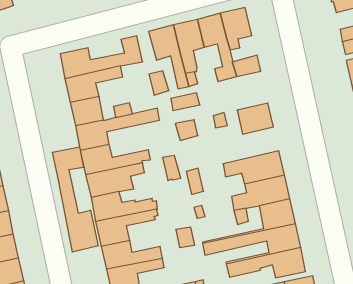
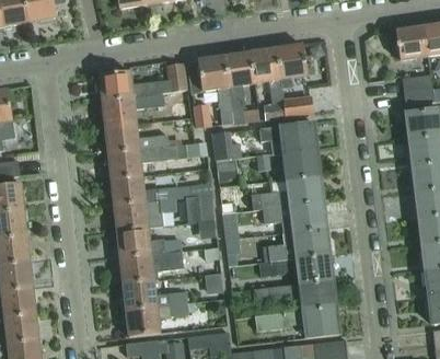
building: none -> [259,121,317,154]
building: none -> [250,175,324,210]
building: [52,147,98,252] -> none

